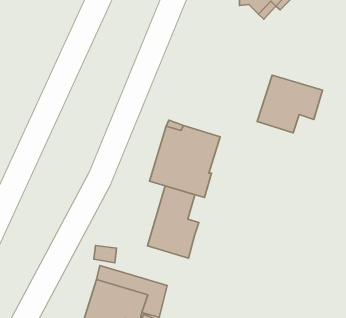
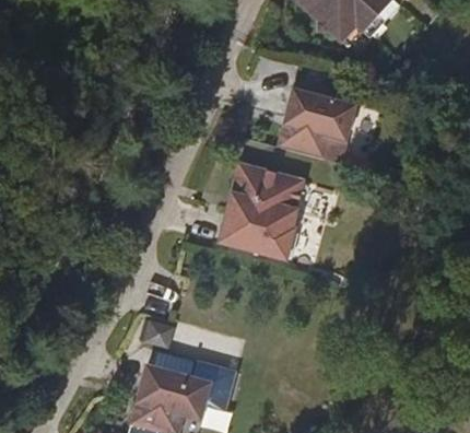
building: [257,75,323,133] -> [274,87,356,160]
building: [147,186,199,258] -> none

